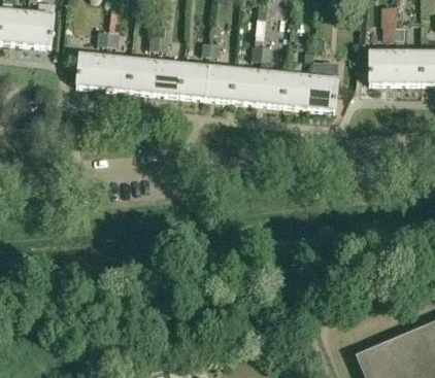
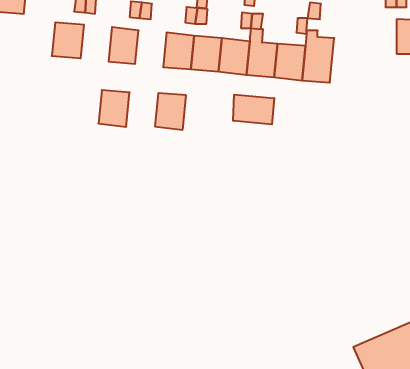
building: [370,51,397,83] -> none
building: [104,57,133,91] -> [98,90,130,127]
building: [155,62,183,96] -> [155,93,186,130]
building: none -> [233,95,274,124]

